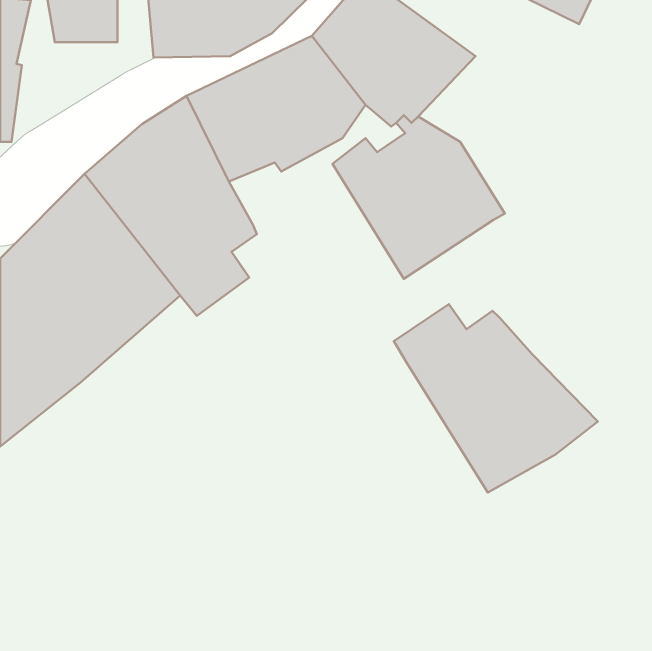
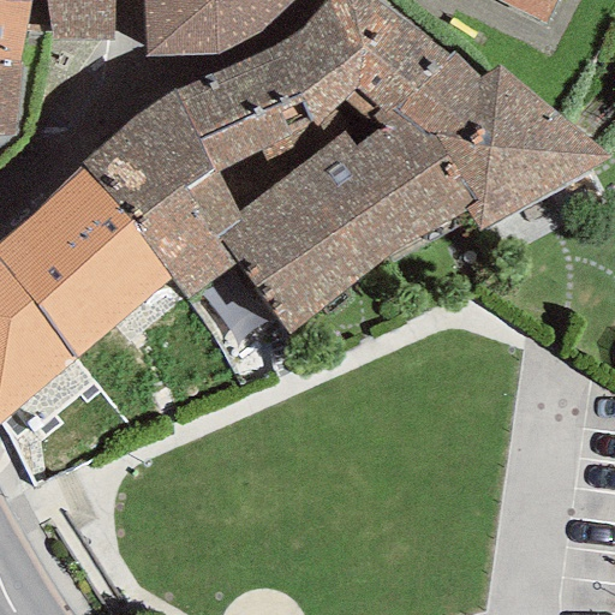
building: none -> [394,50,607,231]
building: none -> [219,154,381,334]
building: [394,304,598,493] -> none

